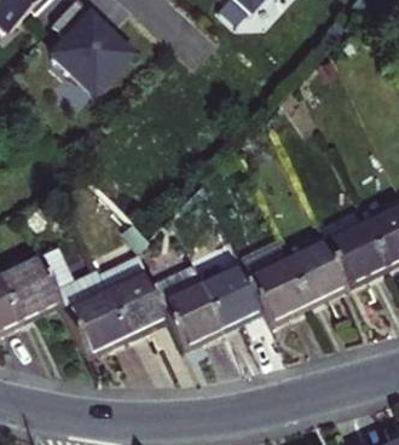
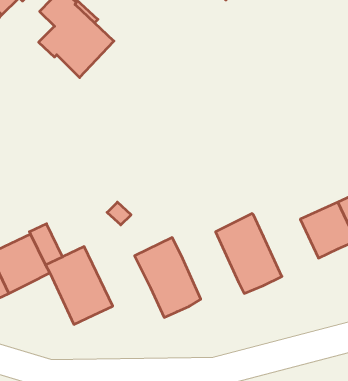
building: [202,237,262,326] -> none
building: [289,242,347,302] -> none
building: [99,250,169,334] -> none

